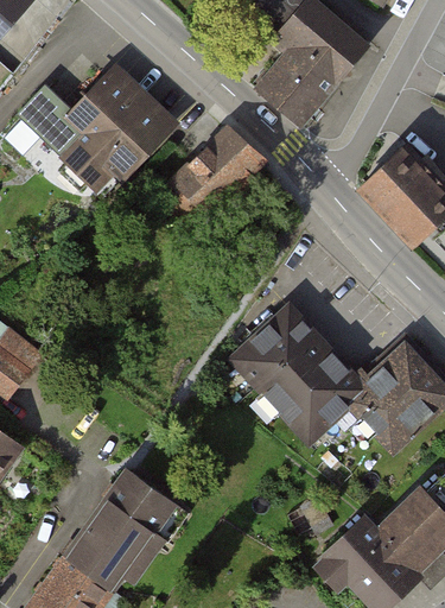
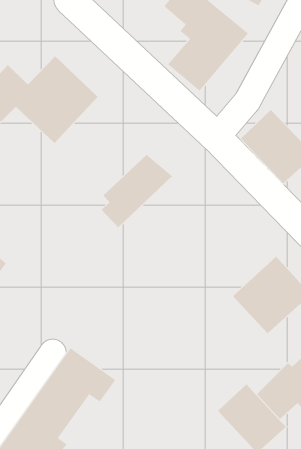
building: [167,131,265,230] -> [101,154,173,228]
building: [234,308,362,456] -> none

